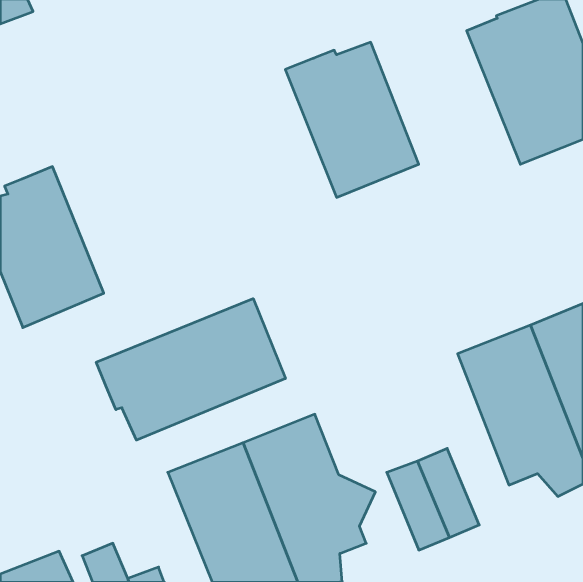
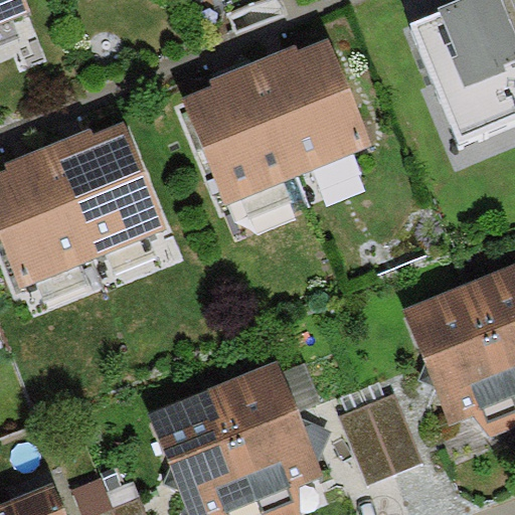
building: none -> [181,61,297,204]
building: none -> [46,123,167,259]
building: [96,299,285,440] -> none

